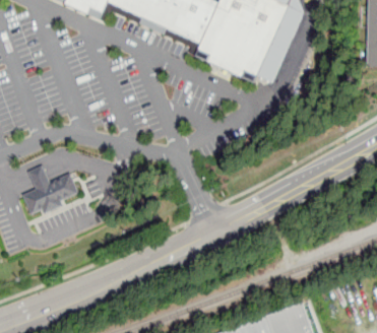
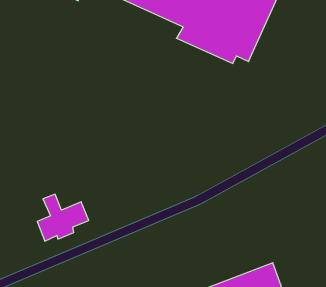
building: [23,164,79,215] -> [37,194,89,241]

